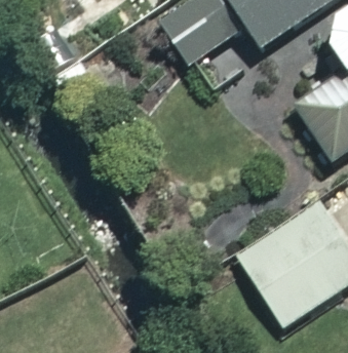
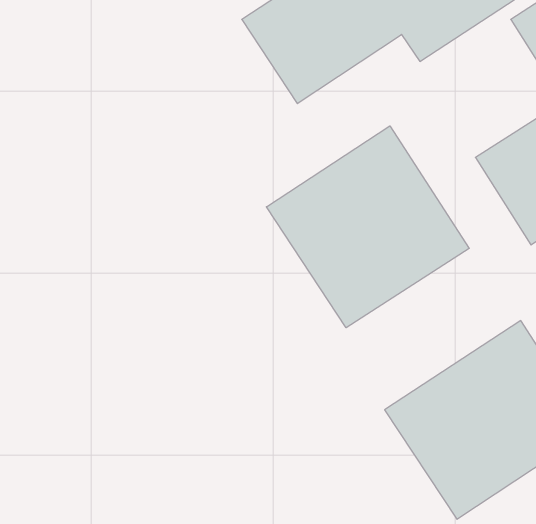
building: none -> [266,126,469,328]

